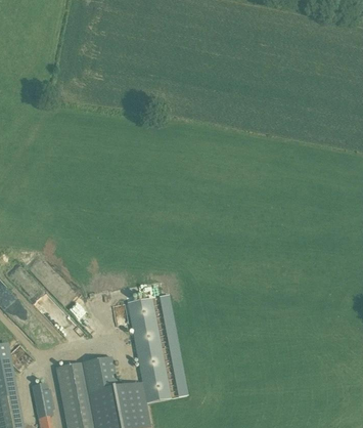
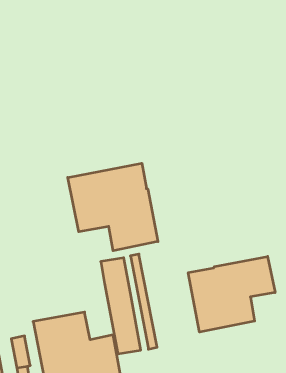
building: none -> [68,163,158,251]
building: none -> [188,256,275,332]

